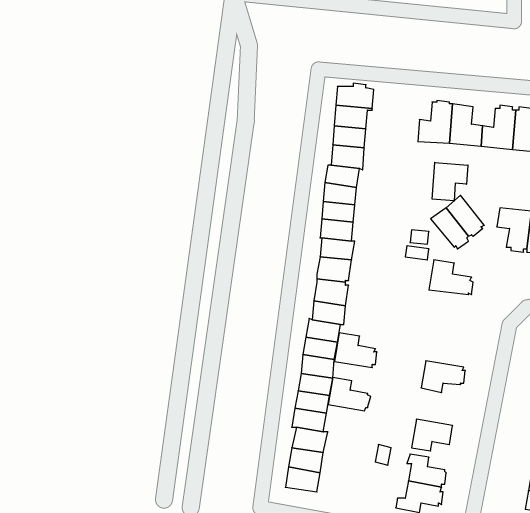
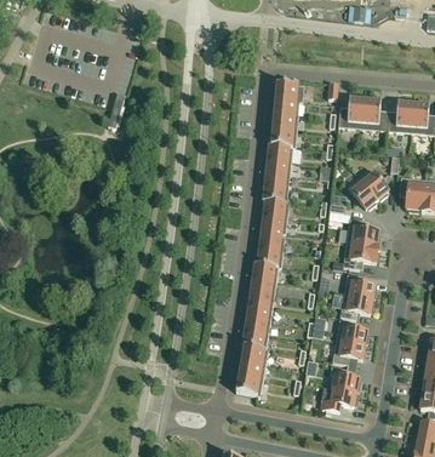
building: [432,162,468,201] -> none
building: none -> [343,239,378,267]
building: [334,333,377,368] -> [344,272,377,298]
building: [328,378,371,411] -> [337,318,370,343]

